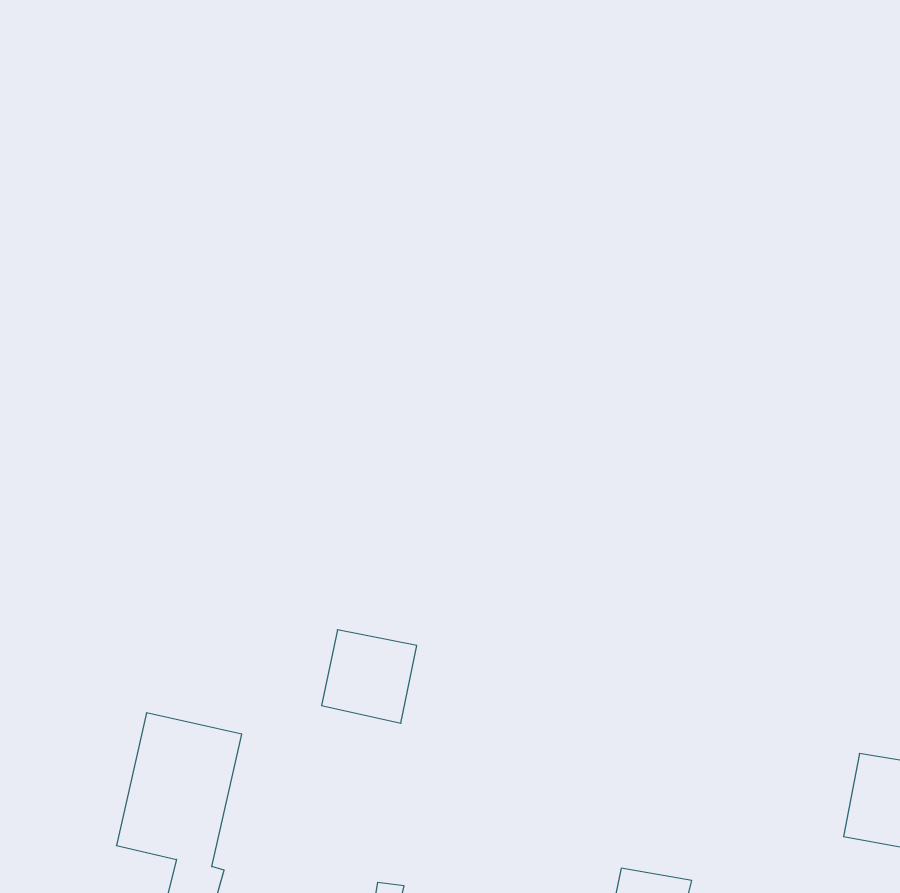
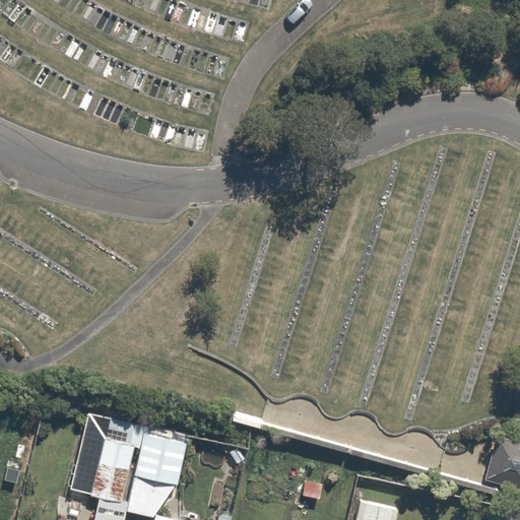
building: [322,630,417,723] -> [136,433,191,486]

